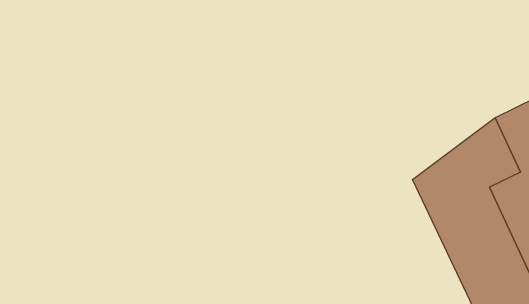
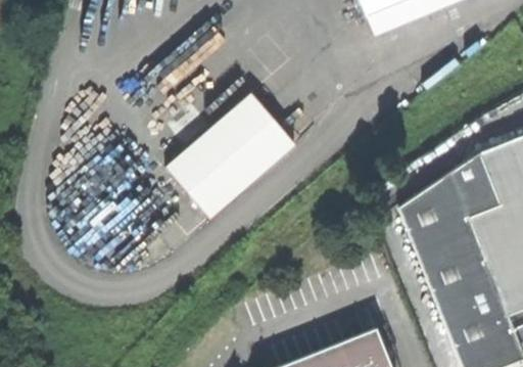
building: none -> [169,96,293,217]

